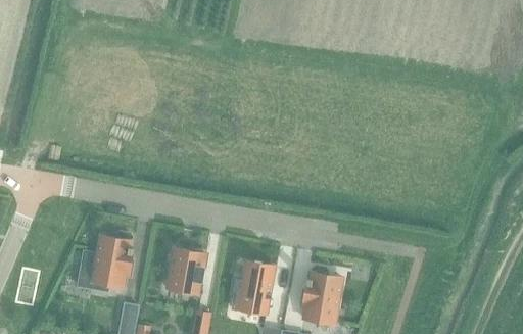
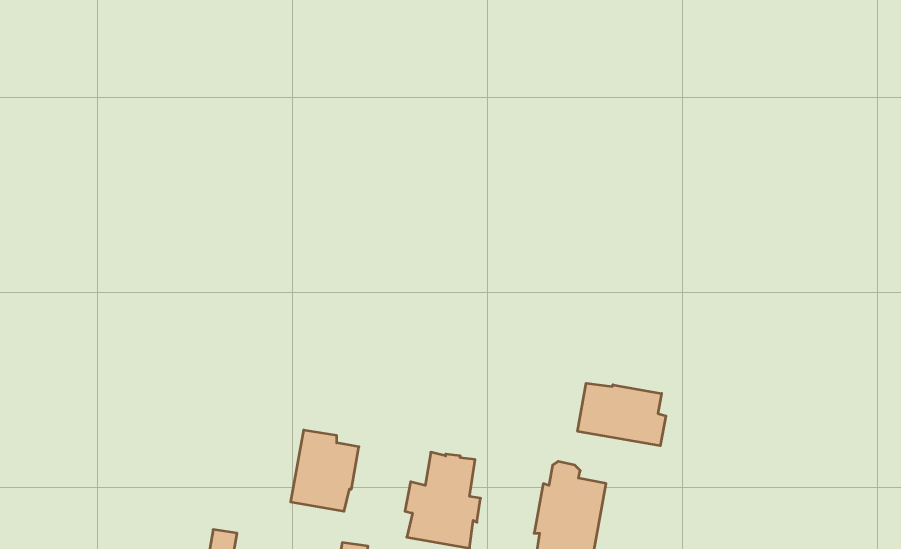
building: none -> [578,383,666,446]
building: [79,233,133,291] -> none

